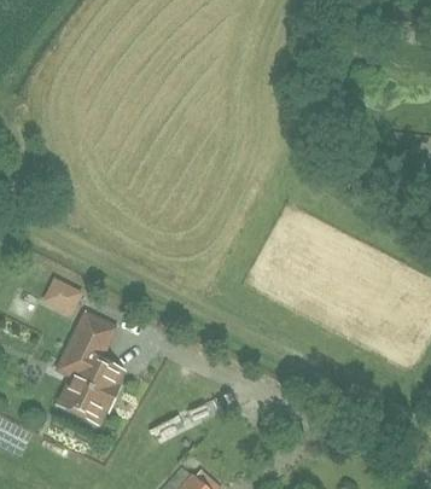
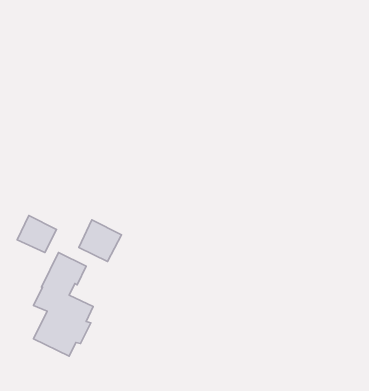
building: none -> [79,220,121,261]

